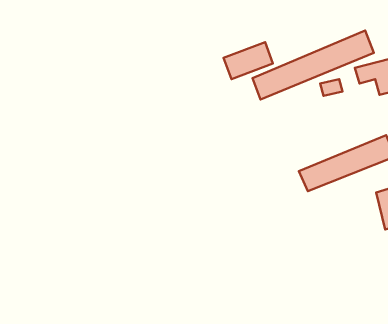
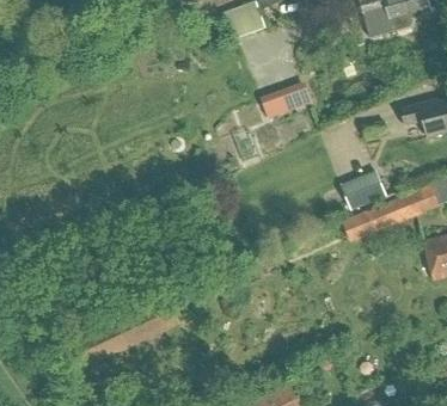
building: [253,31,374,100] -> none
building: none -> [342,171,386,209]

